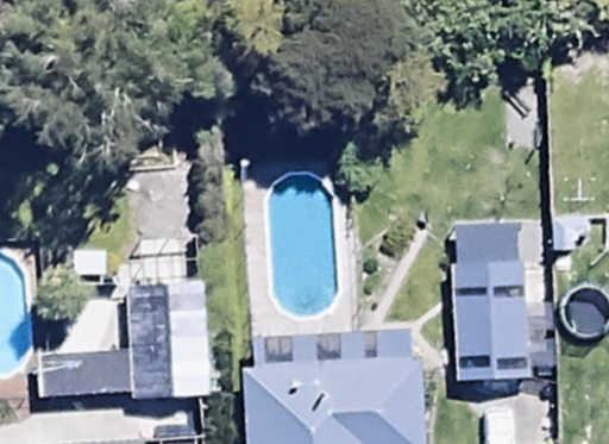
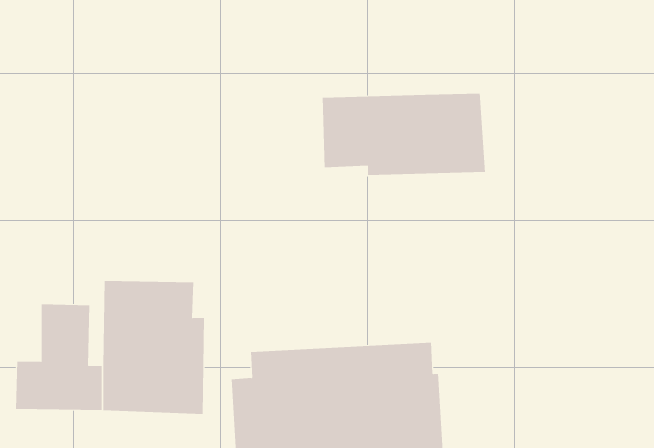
building: none -> [322,93,486,176]
building: [451,221,553,383] -> none

